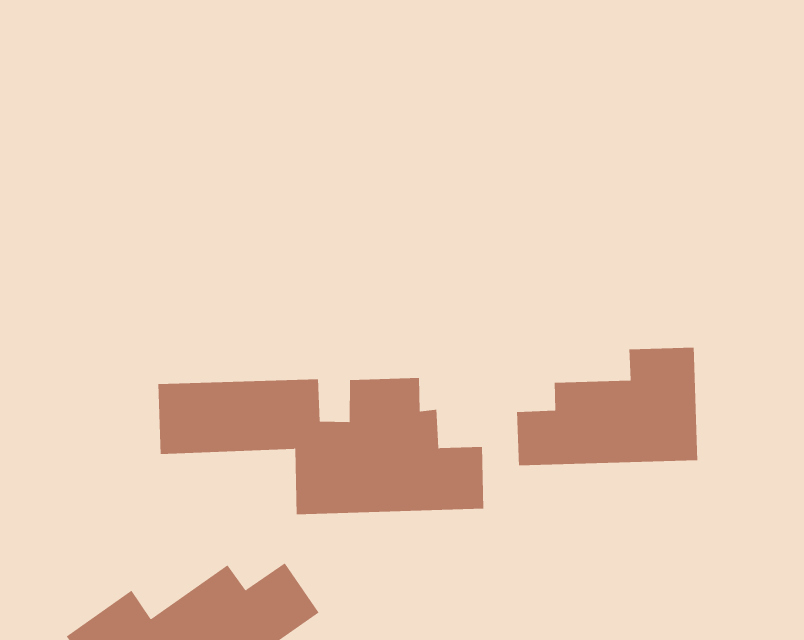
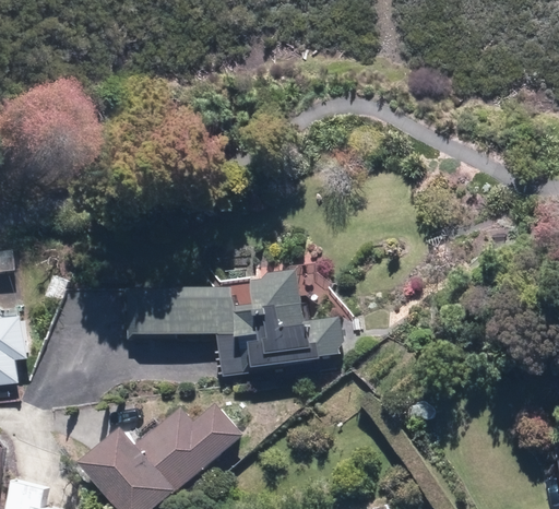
building: [516,347,698,466] -> none

